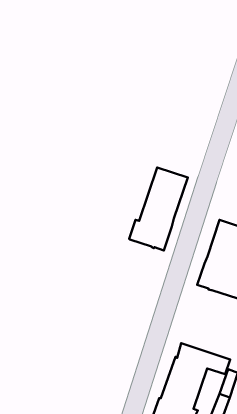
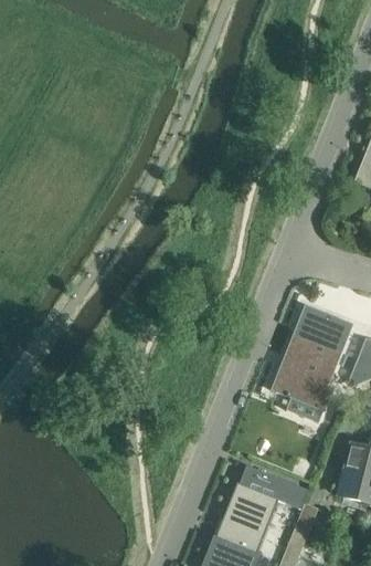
building: [129,168,188,251] -> none

